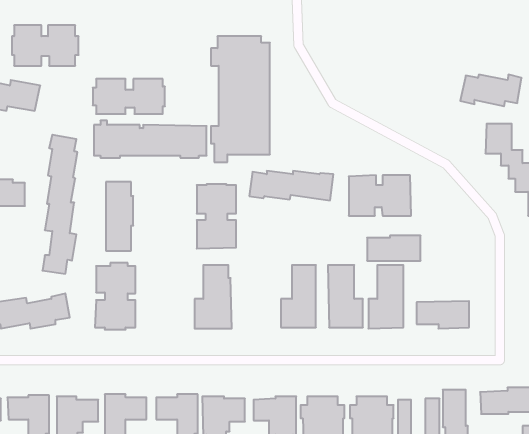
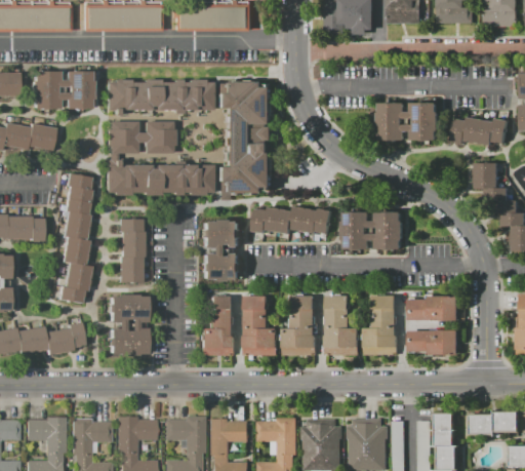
building: none -> [104,79,211,116]
building: none -> [377,104,438,140]
building: [367,236,421,261] -> [407,297,457,320]
building: none -> [242,296,277,355]

